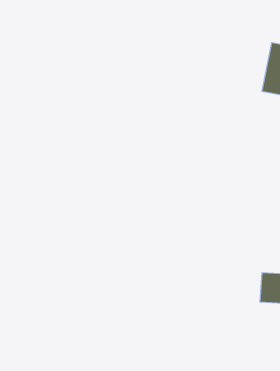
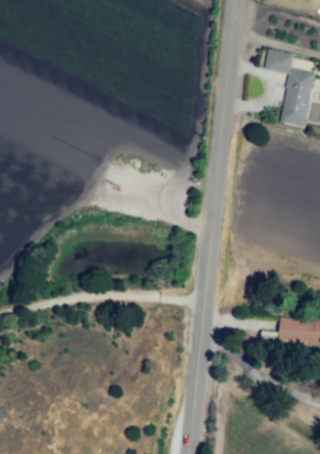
building: none -> [262,51,290,72]

